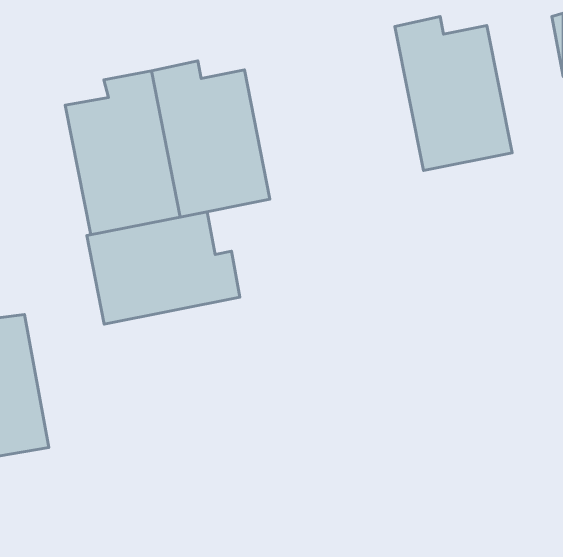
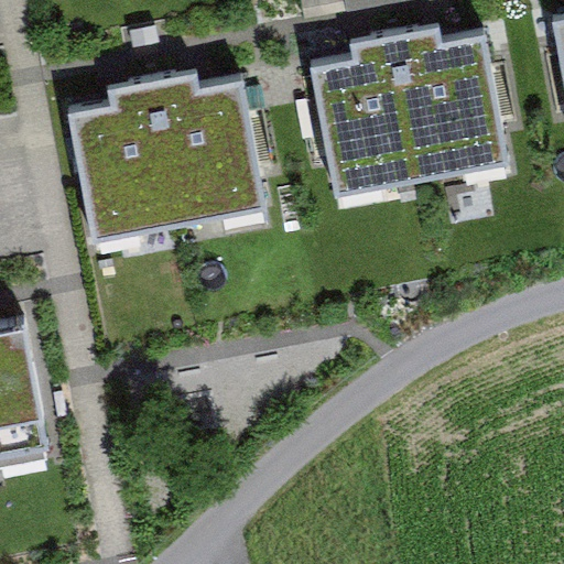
building: none -> [308,35,422,196]
building: [87,212,240,324] -> none

